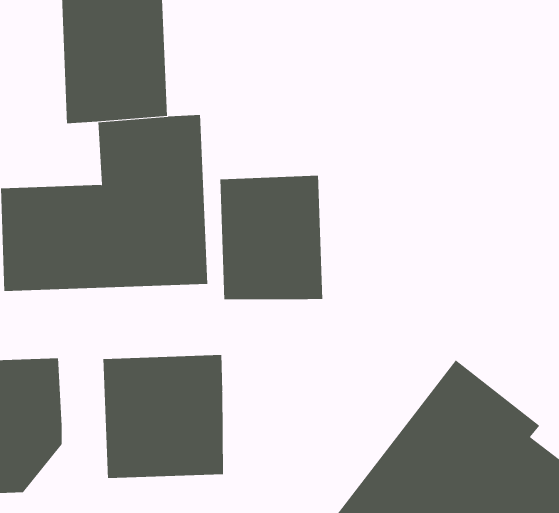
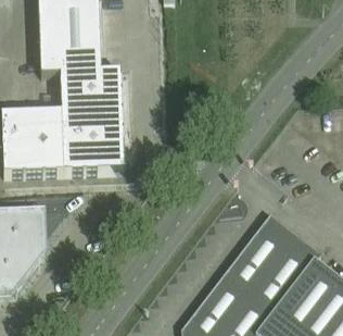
building: [220,175,323,300] -> none
building: [103,354,223,479] -> none

